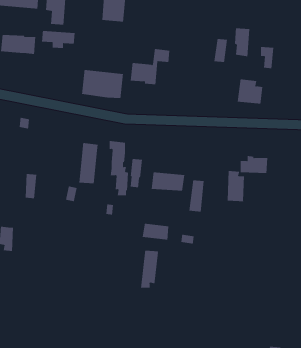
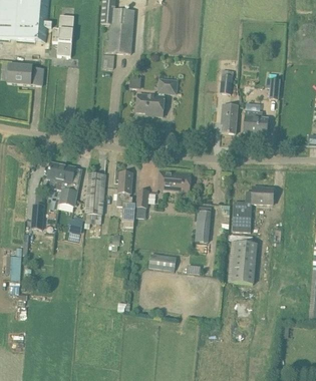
building: [234,28,250,57] -> [222,104,238,133]
building: [42,30,75,49] -> none
building: [81,69,124,99] -> none
building: none -> [48,161,79,206]
building: [151,172,185,191] -> [157,170,192,189]
building: none -> [228,241,257,284]
building: [140,250,159,289] -> none

